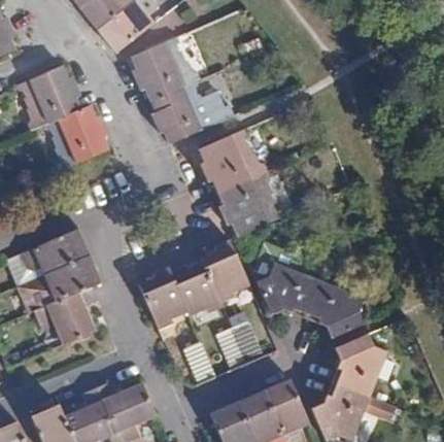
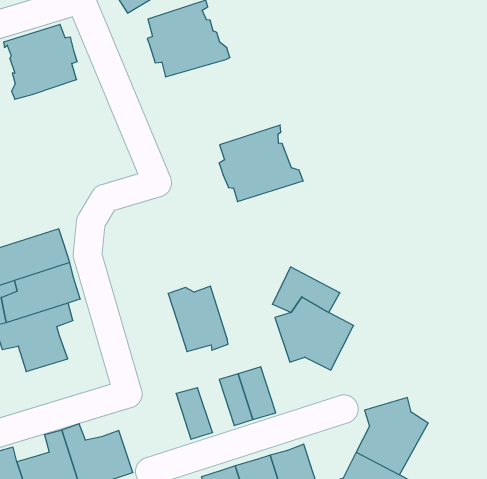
building: [149,80,232,142] -> none
building: [45,104,108,170] -> none
building: [216,170,282,236] -> none
building: [202,240,248,301] -> none
building: [139,266,186,328] -> none
building: [304,280,363,337] -> none

